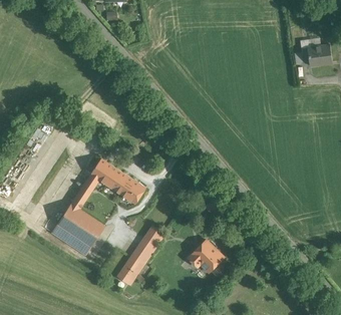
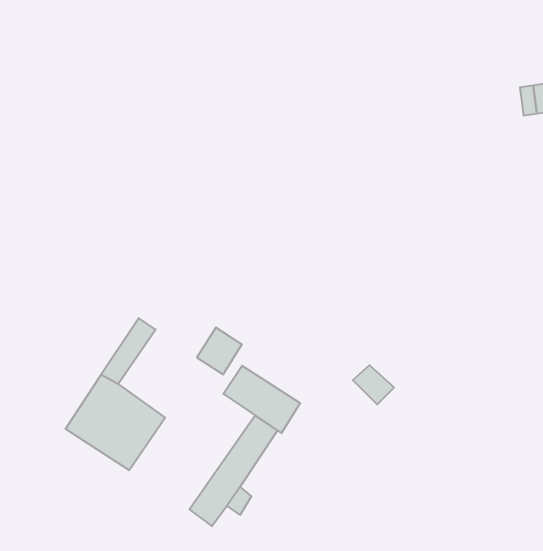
building: [90,159,131,195] -> [223,366,300,433]
building: [188,240,223,271] -> none

